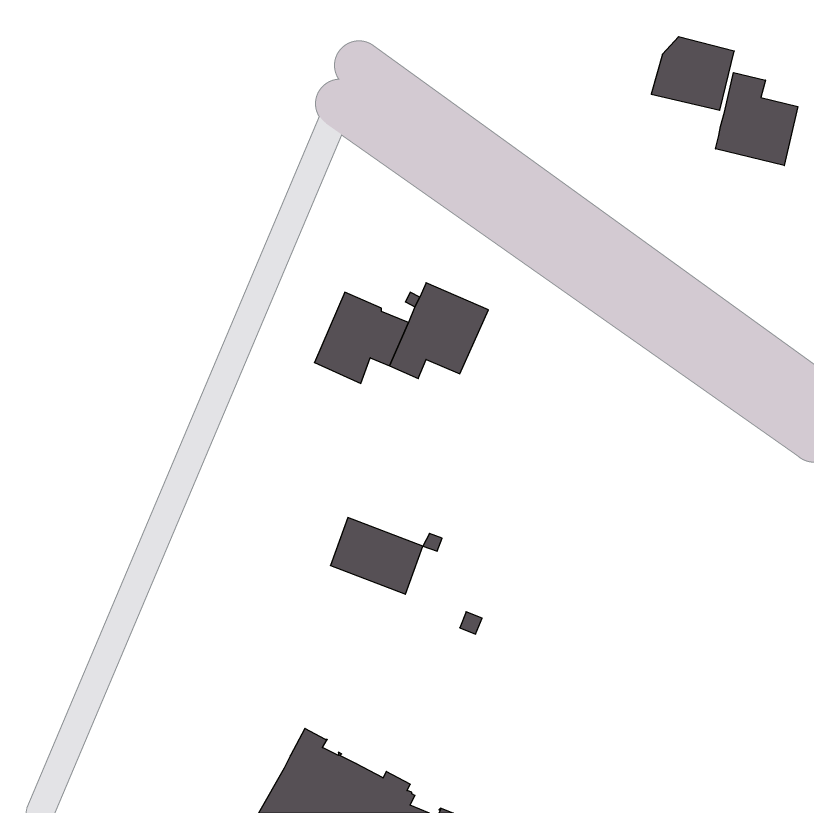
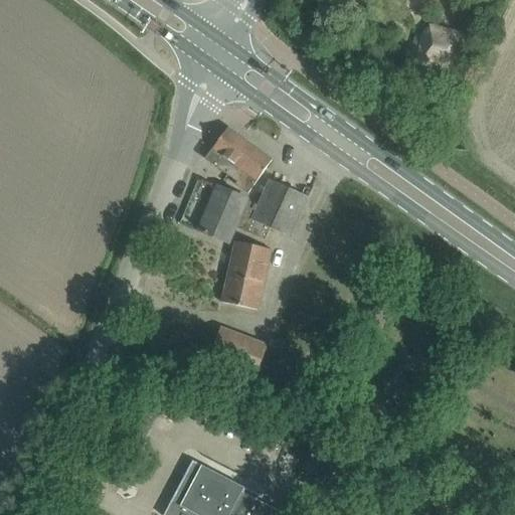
building: [716,73,798,166] -> none
building: none -> [204,126,272,191]
building: none -> [220,239,271,309]

